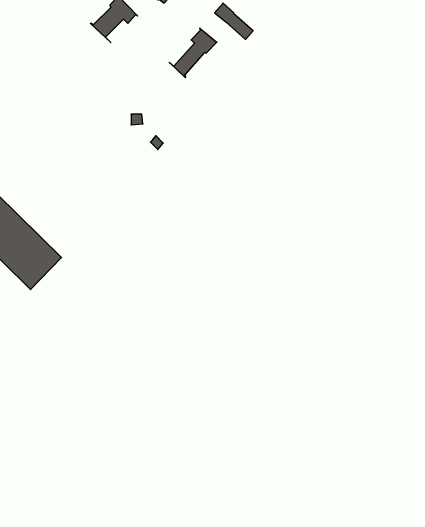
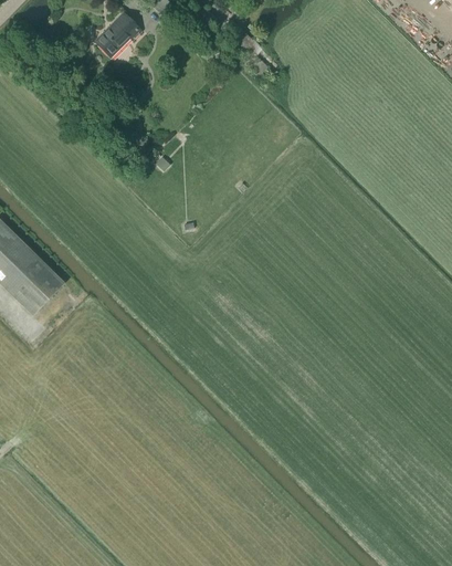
building: [169,28,217,78] -> none

